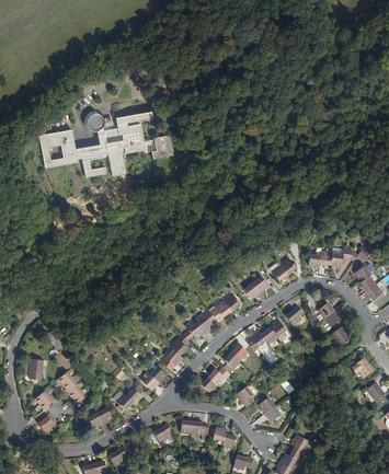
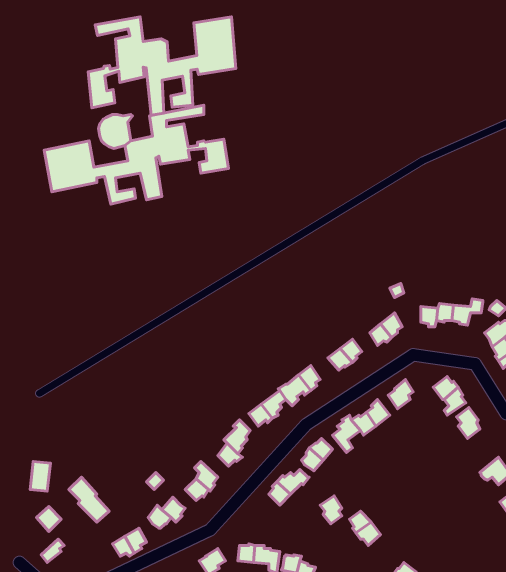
building: none -> [88,17,236,115]

